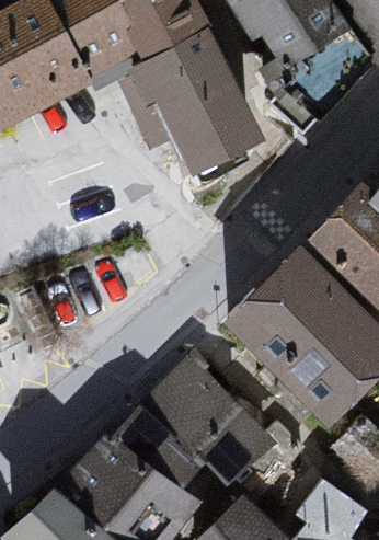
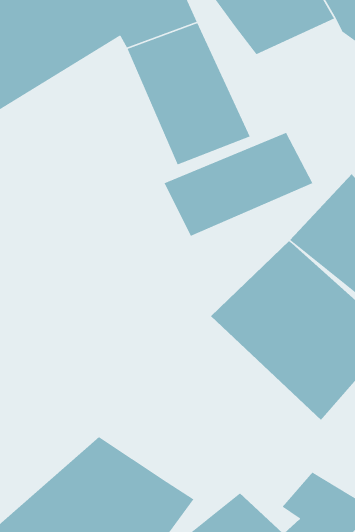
building: none -> [163,132,314,237]
building: [112,363,283,489] -> none

